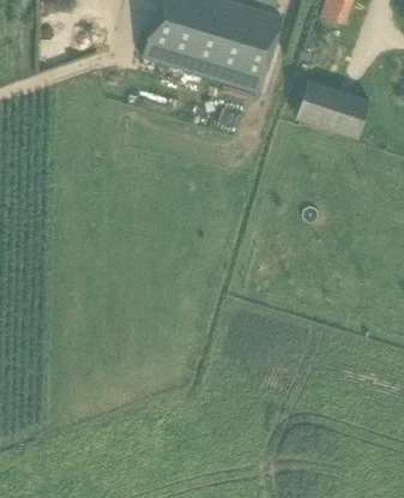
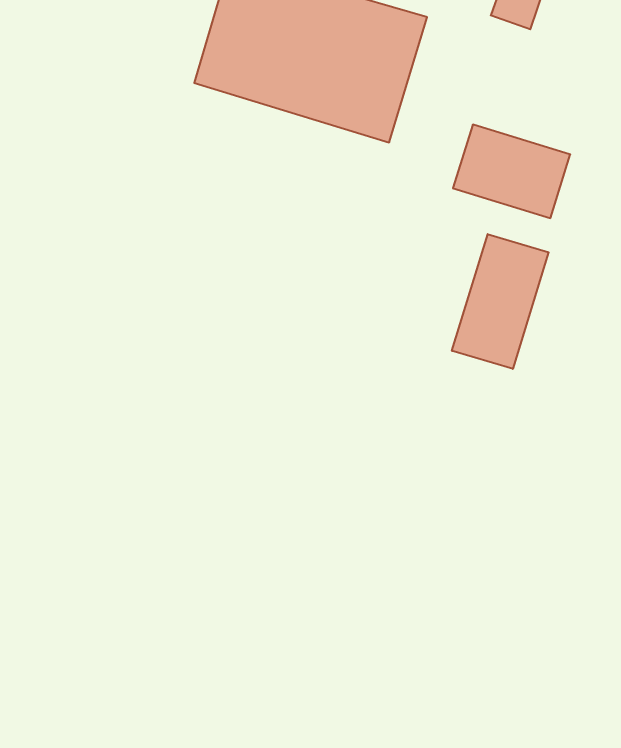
building: none -> [452,234,549,369]

